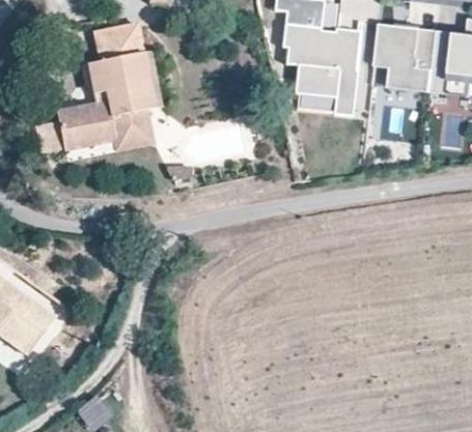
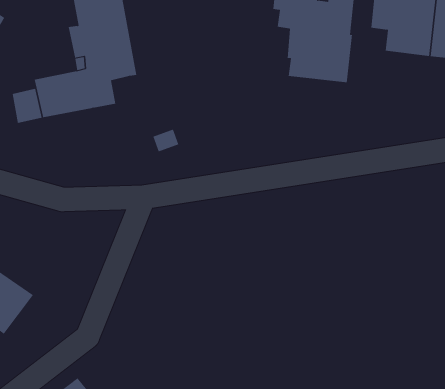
building: [114,109,155,152] -> none

